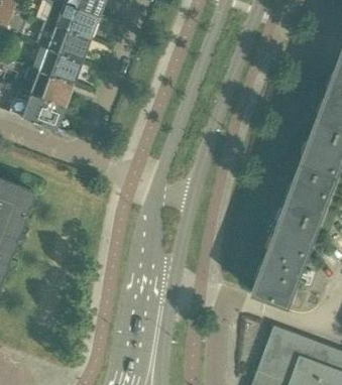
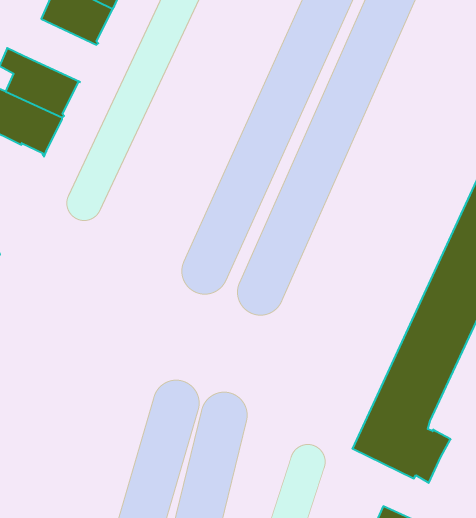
building: [37,45,81,84] -> none

